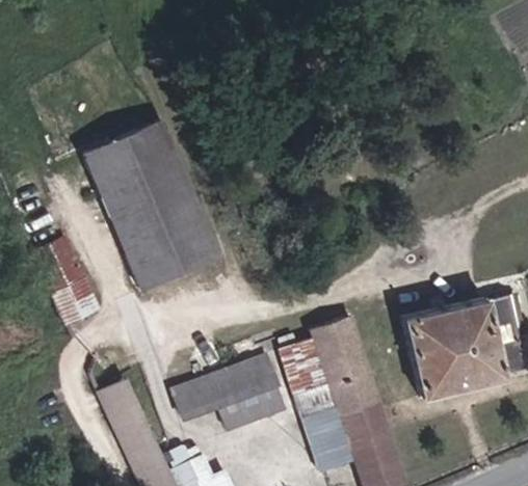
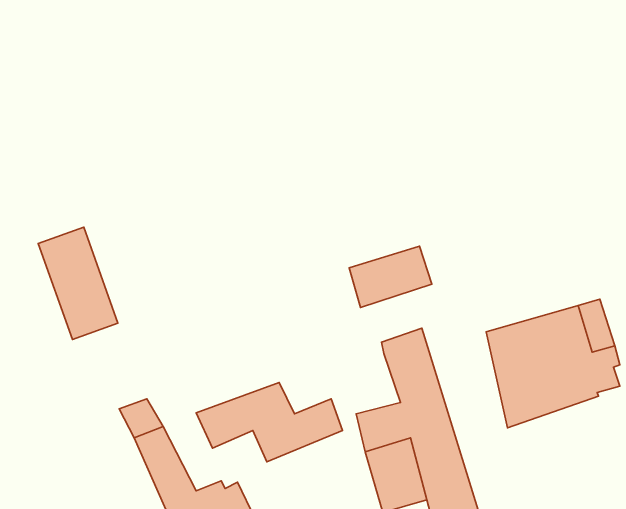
building: [90,128,220,295] -> none
building: none -> [349,246,432,308]
building: [284,341,333,390] -> none
building: [233,352,275,390] -> none

